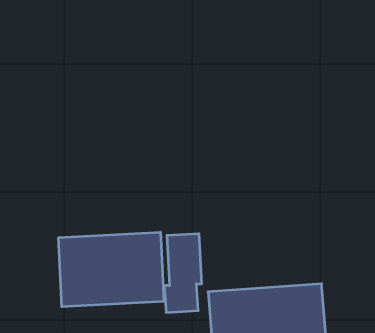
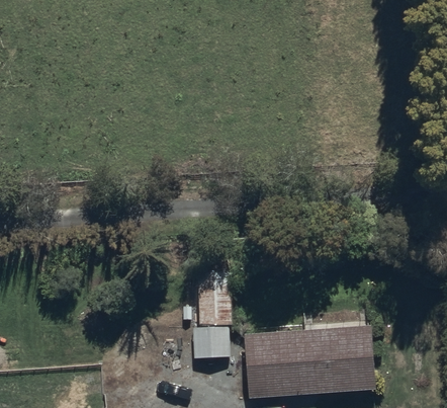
building: [59,232,164,307] -> none

